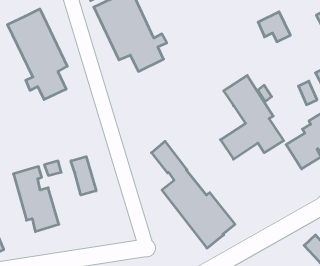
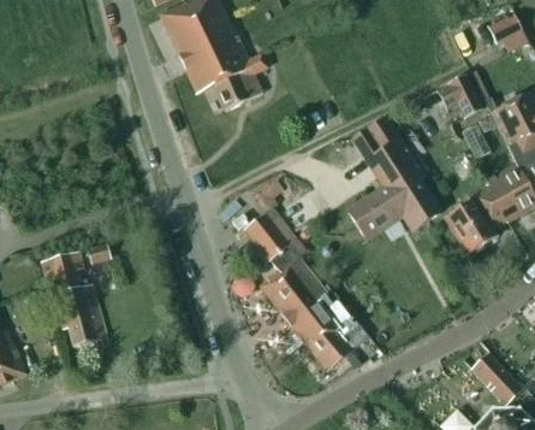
building: [7,9,67,100] -> none
building: [258,12,290,42] -> [435,73,483,118]
building: [71,157,96,195] -> none

